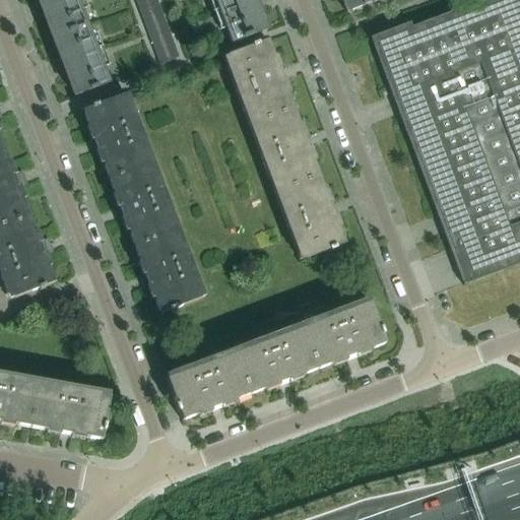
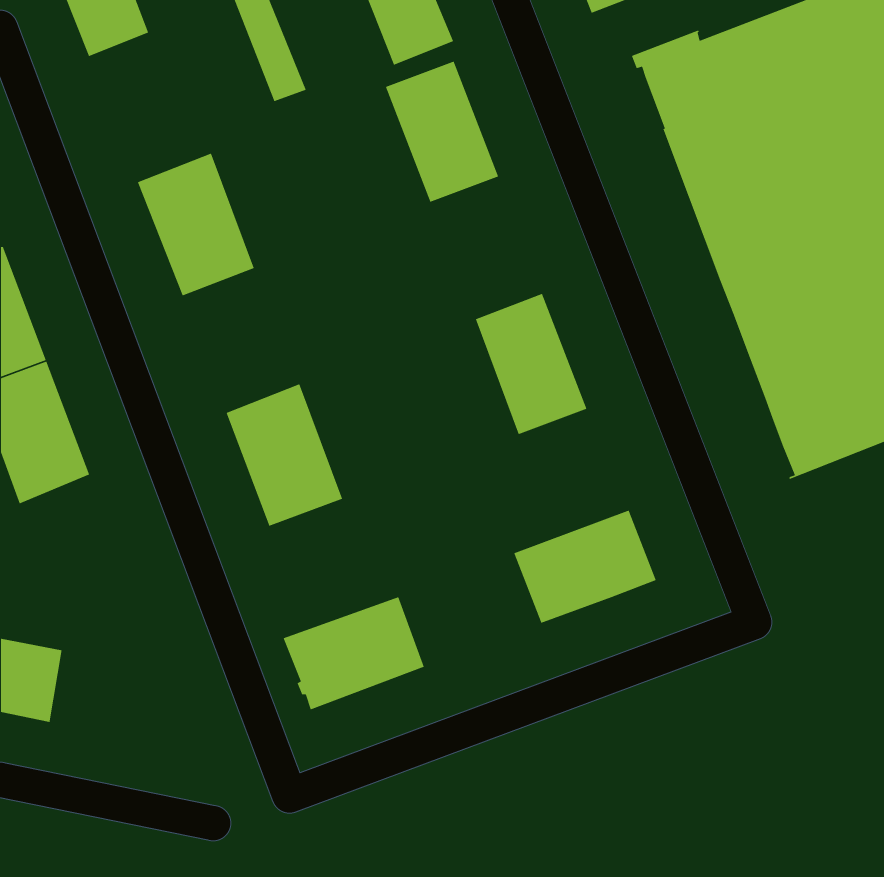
building: [53,19,111,91] -> none
building: [253,104,319,187] -> none
building: [108,157,177,242] -> none
building: [235,324,318,391] -> none
building: [30,381,110,436] -> none

